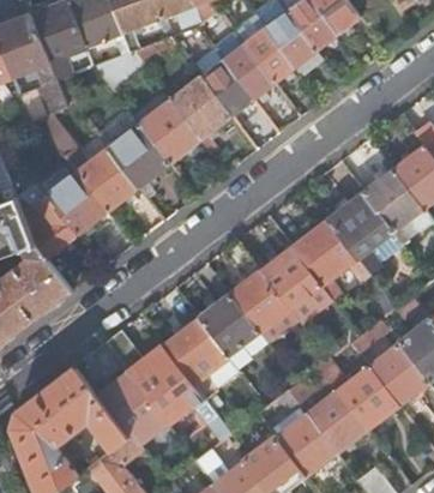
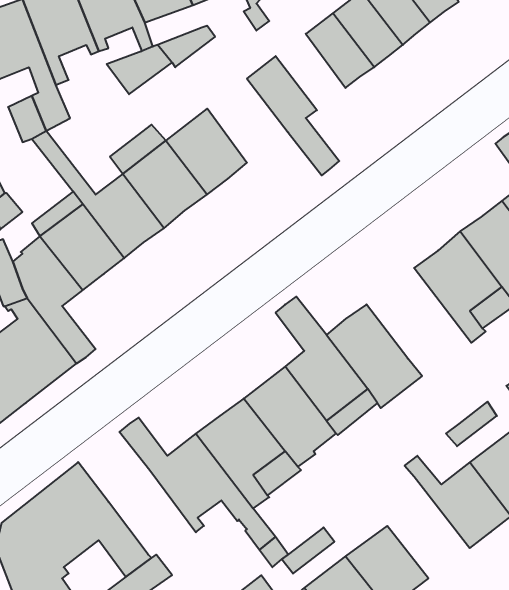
building: [222,42,275,100] -> none
building: [170,76,231,139] -> none
building: [290,218,369,287] -> none
building: [96,371,171,438] -> none
building: [288,375,368,452] -> none

